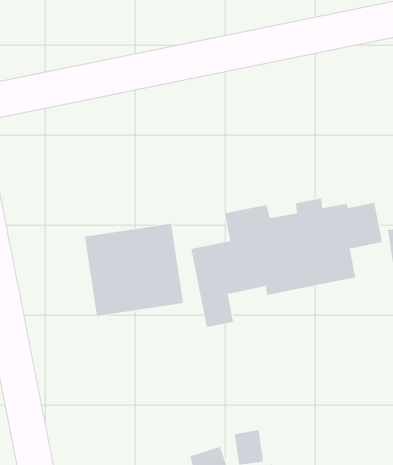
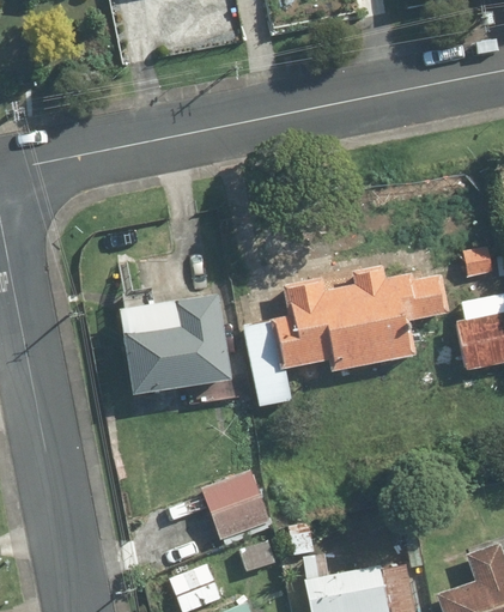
building: none -> [198,469,271,543]

